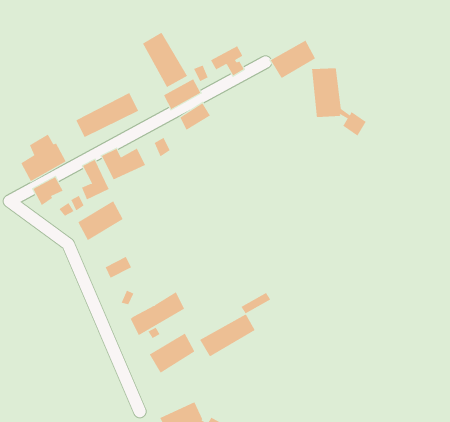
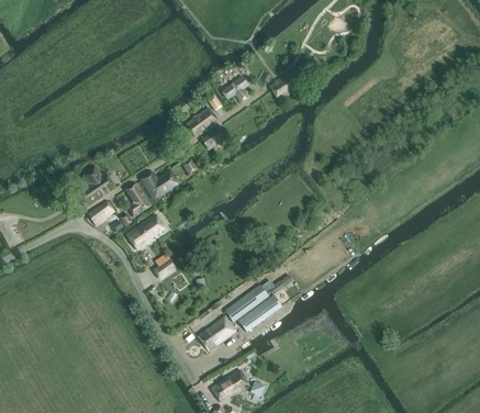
building: [142,32,188,88] -> none
building: [311,67,367,136] -> none
building: [76,92,139,138] -> none
building: [130,291,185,336] -> [223,283,267,323]

